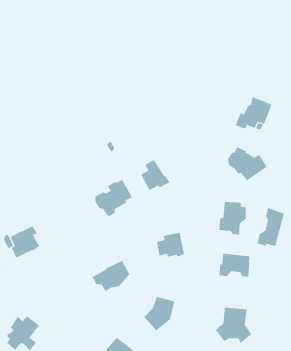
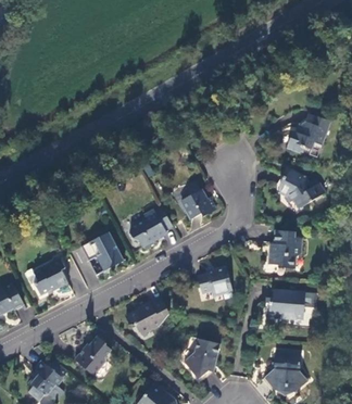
building: none -> [81,232,124,269]
building: [257,207,285,247] -> none
building: none -> [75,337,111,376]

